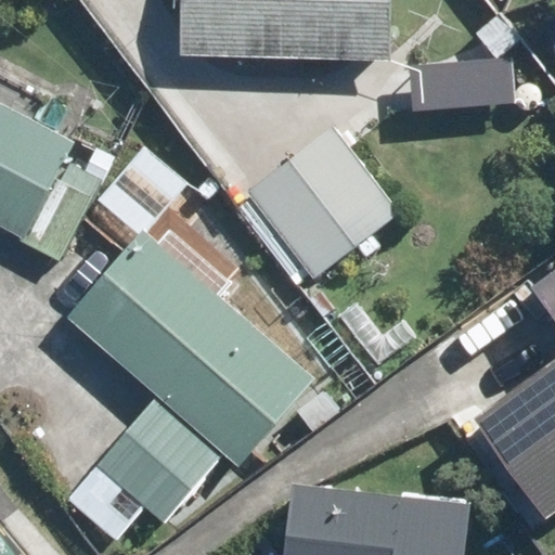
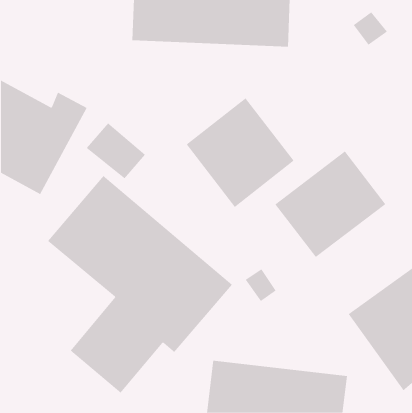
building: none -> [274,151,386,258]

